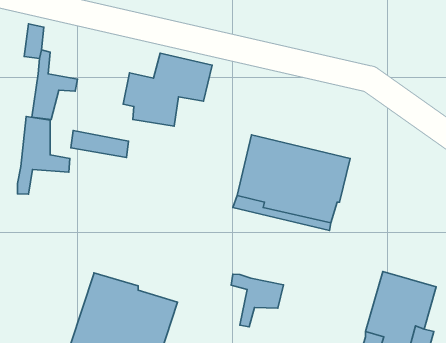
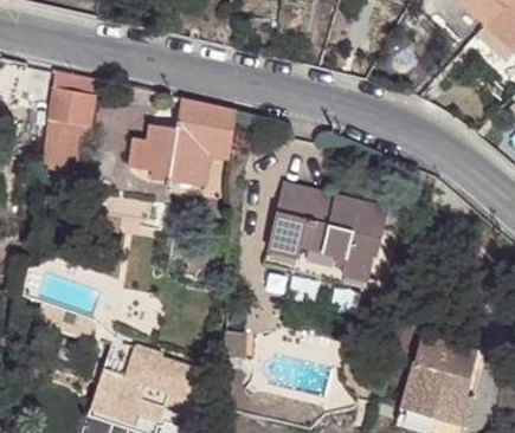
building: none -> [59,70,97,125]
building: [18,117,70,194] -> none
building: [231,274,284,327] -> none

